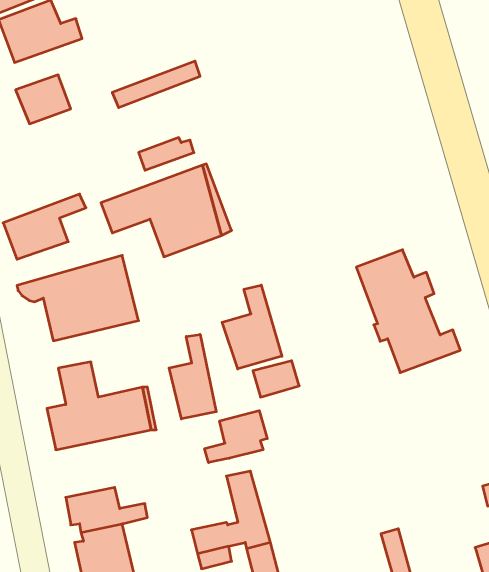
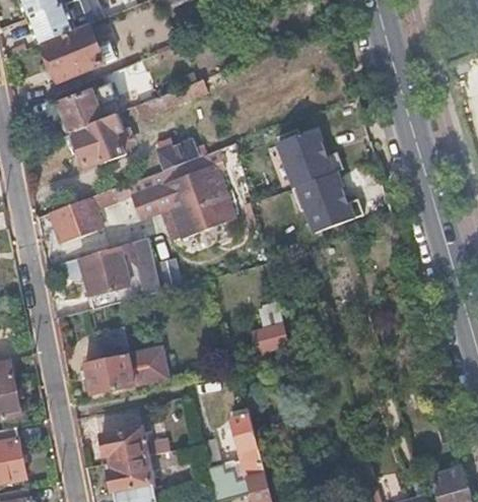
building: none -> [70,113,125,170]
building: [356,250,460,373] -> [273,128,357,228]
building: [222,285,282,369] -> none
building: [169,334,216,419] -> none
building: [205,411,267,463] -> none

